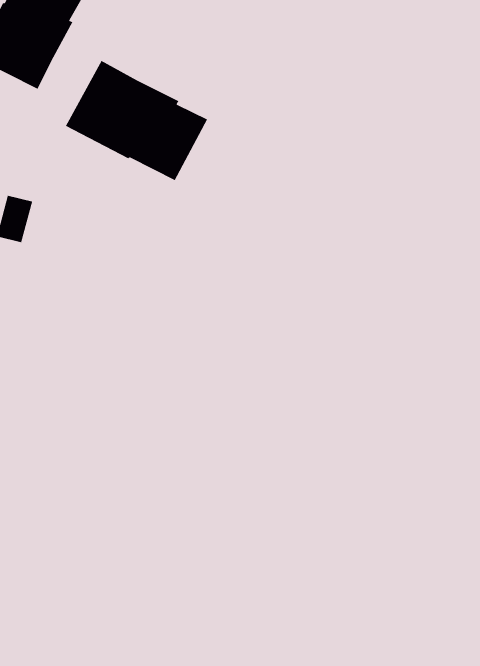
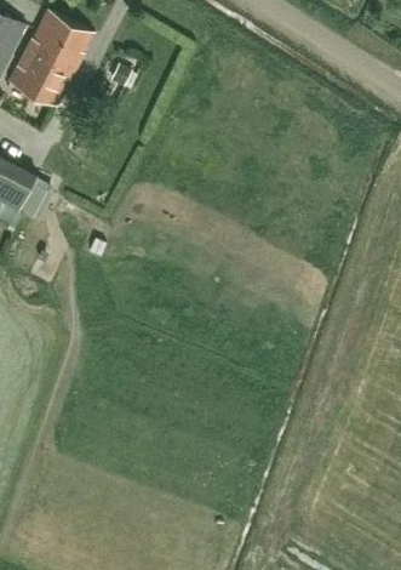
building: [65,60,208,181] -> none

